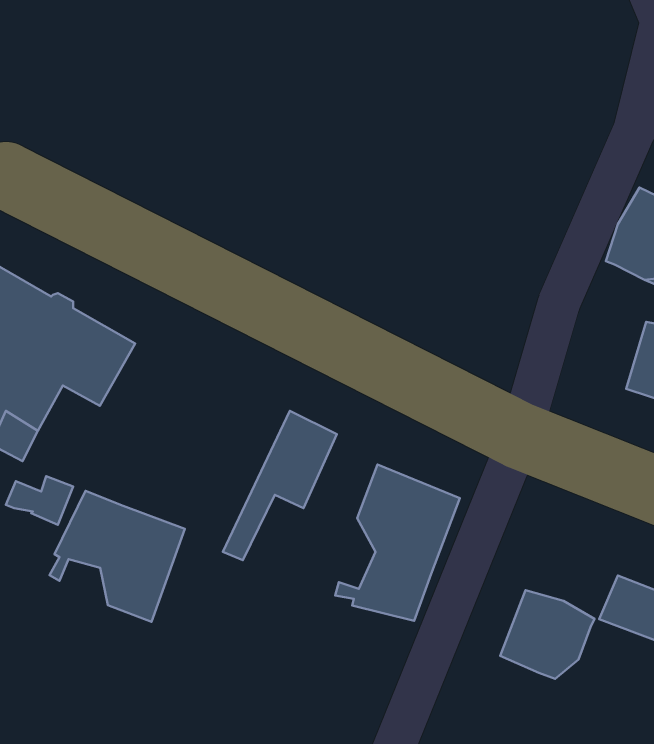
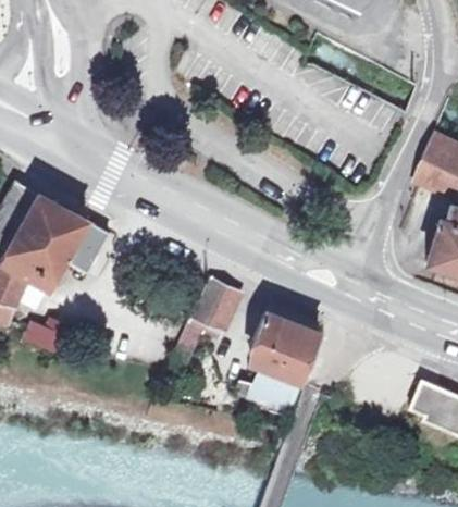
building: [49,491,185,622] -> none
building: [500,590,595,679] -> none

